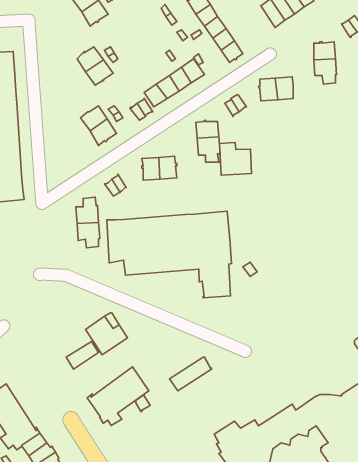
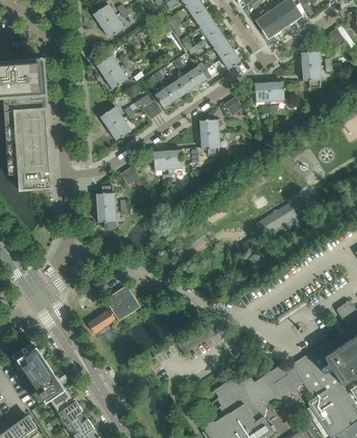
building: [219,142,252,175] -> none
building: [107,211,232,298] -> none
building: none -> [255,202,300,239]
building: [87,367,149,425] -> none

